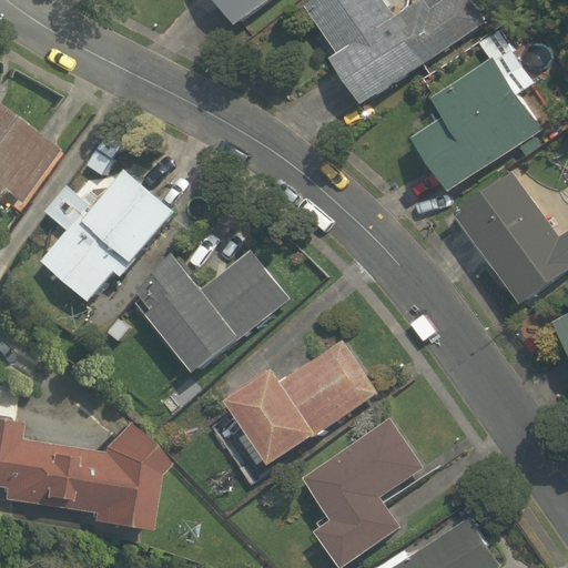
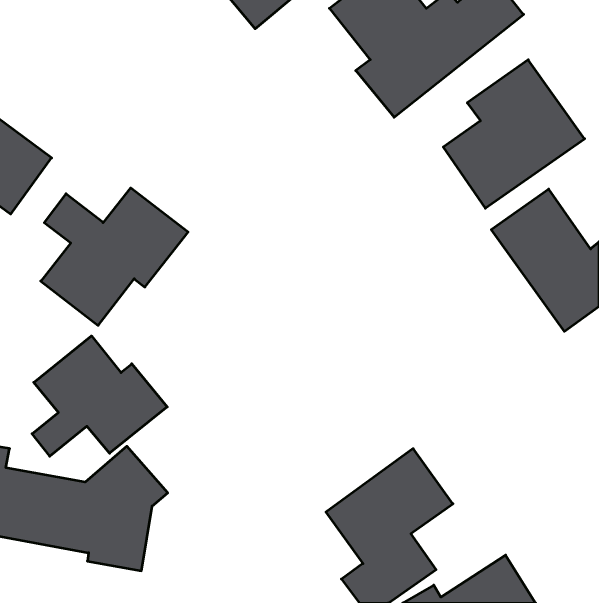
building: [129,250,294,378] -> none
building: none -> [32,336,167,456]
building: [224,338,372,471] -> none

